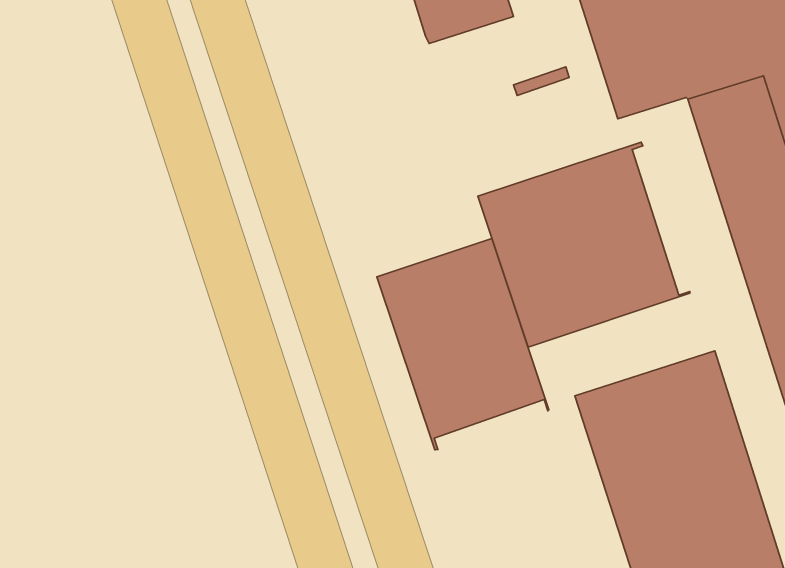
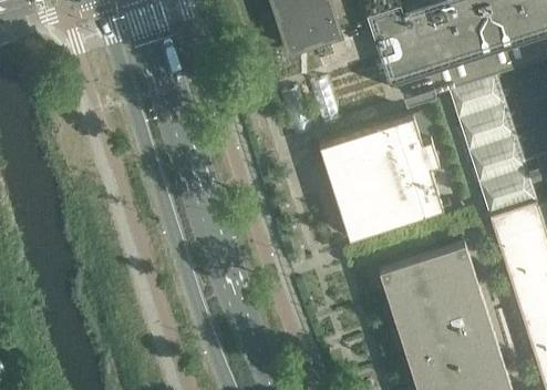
building: [377,238,549,450] -> none

